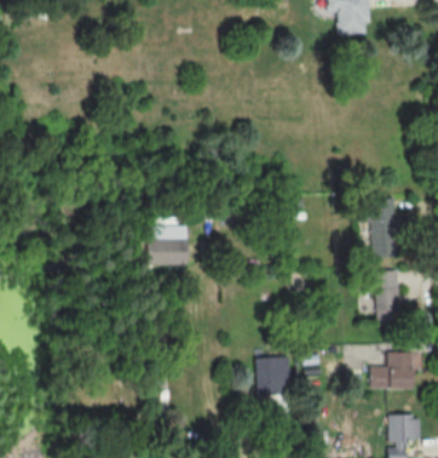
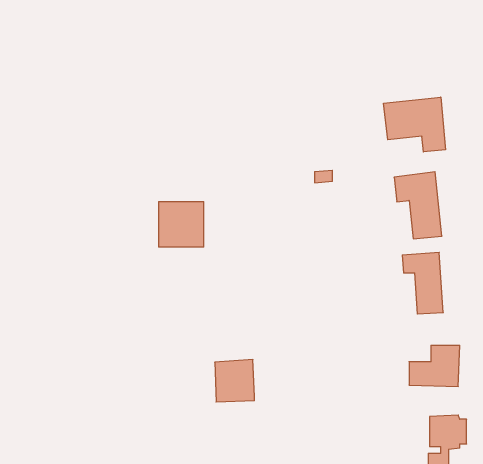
building: none -> [384,97,445,152]
building: [257,356,292,394] -> [215,360,254,402]

